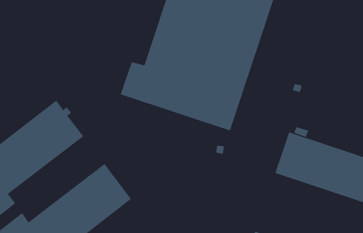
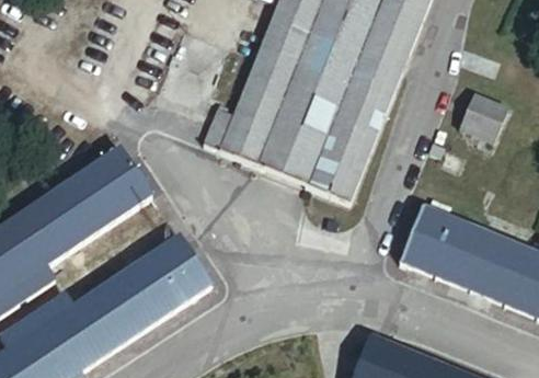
building: none -> [459,90,507,139]

